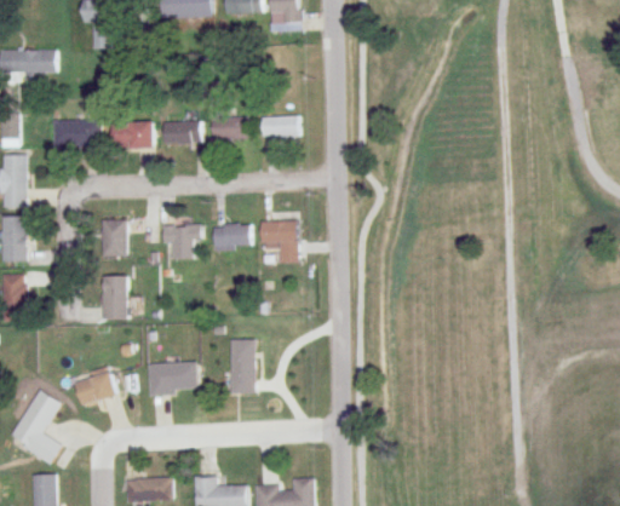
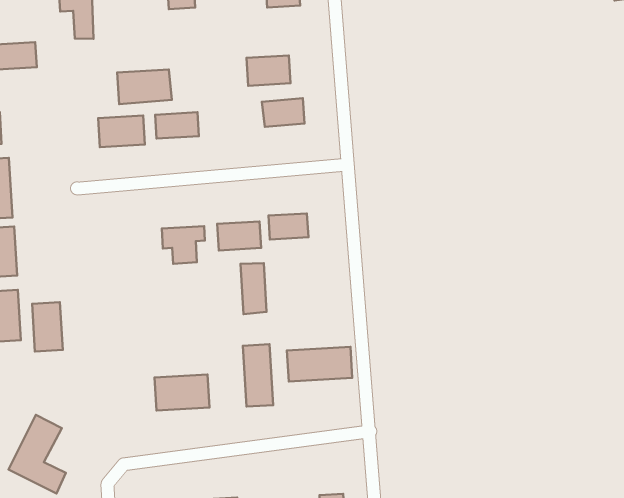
building: [211,117,249,143] -> [247,55,291,86]
building: [53,120,102,149] -> [117,70,172,104]
building: [102,220,127,257] -> none
building: none -> [241,263,267,314]
building: [102,276,127,320] -> [32,302,63,351]
building: none -> [287,347,352,382]
building: [73,368,116,406] -> none

